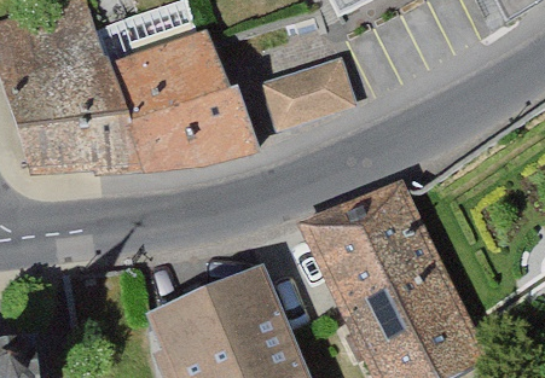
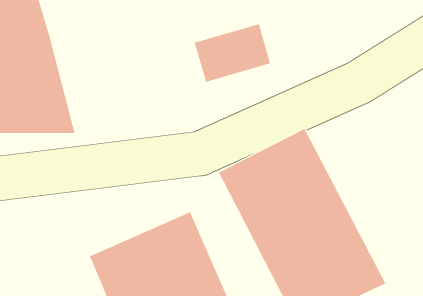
building: [106,40,249,182] -> none

